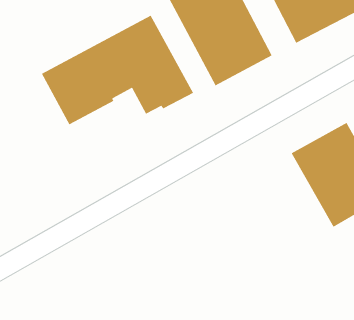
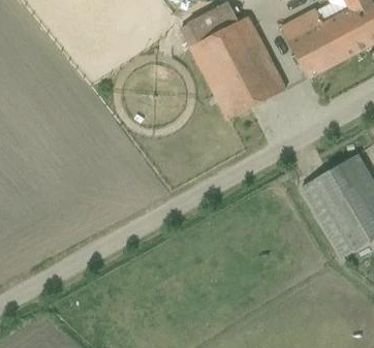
building: [41,15,194,125] -> none

